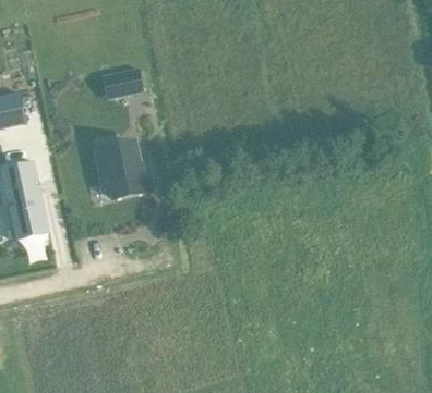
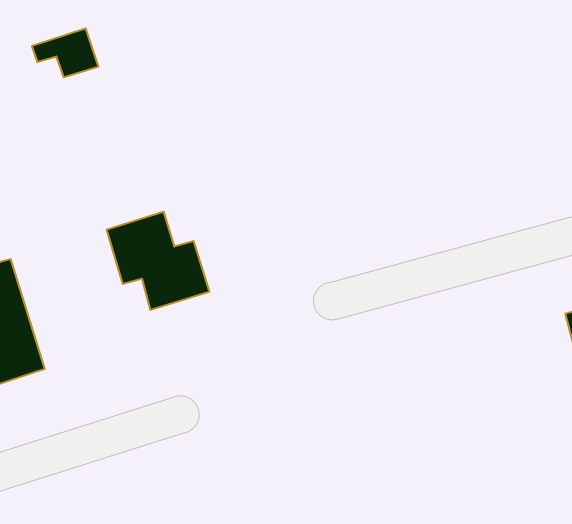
building: [103,67,142,96] -> [32,28,98,77]

